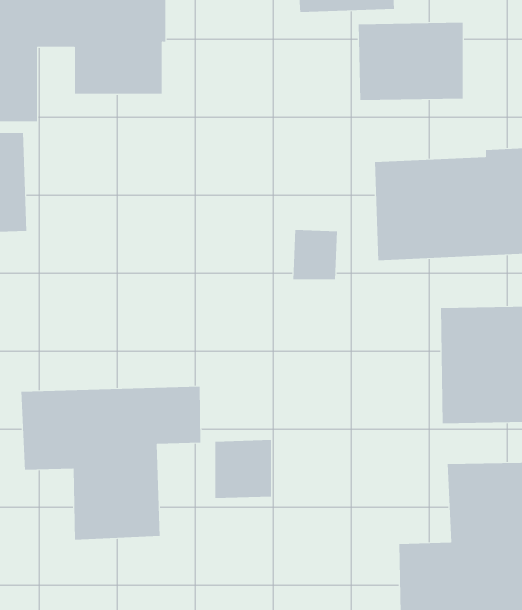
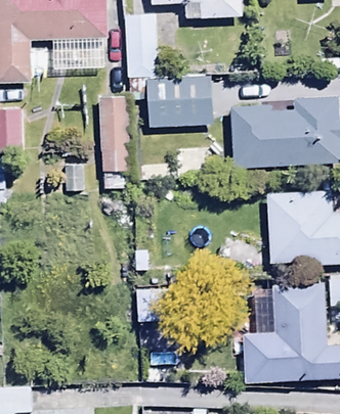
building: [358,22,464,100] -> [148,63,211,109]
building: none -> [96,78,129,165]
building: [21,386,201,541] -> none

